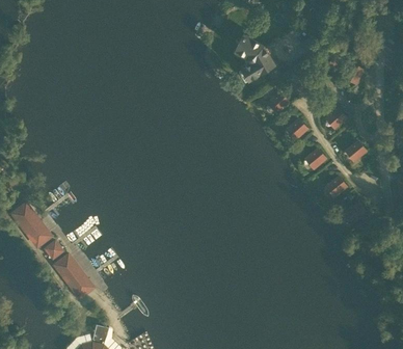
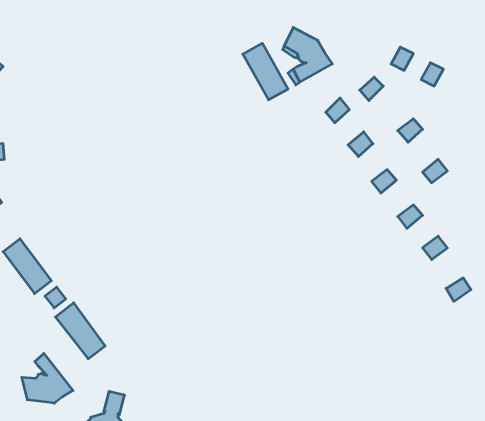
building: none -> [243,43,288,100]
building: none -> [22,353,73,403]

